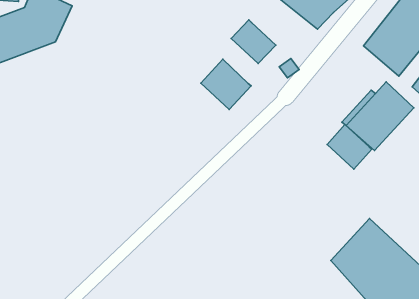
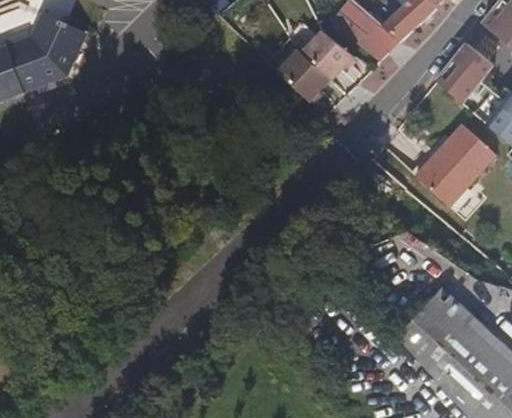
building: none -> [302,30,355,80]
building: [201,59,251,110] -> none
building: [327,125,372,169] -> none

